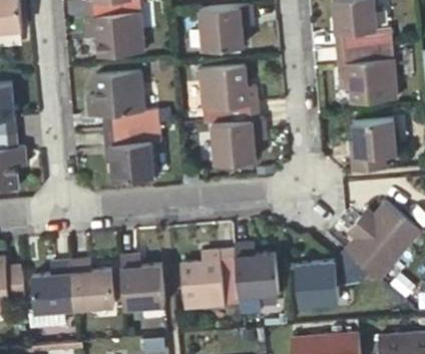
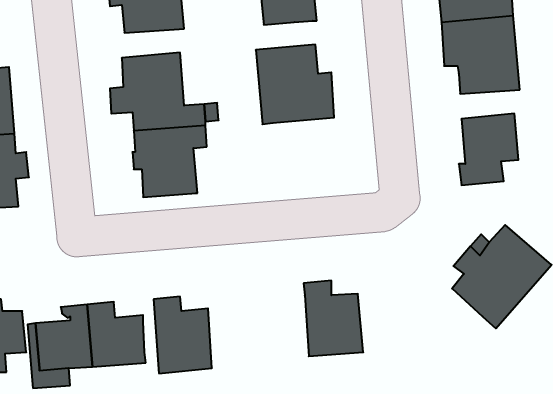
building: [210,118,264,163] -> none
building: [295,249,369,304] -> none
building: [180,254,239,313] -> none

